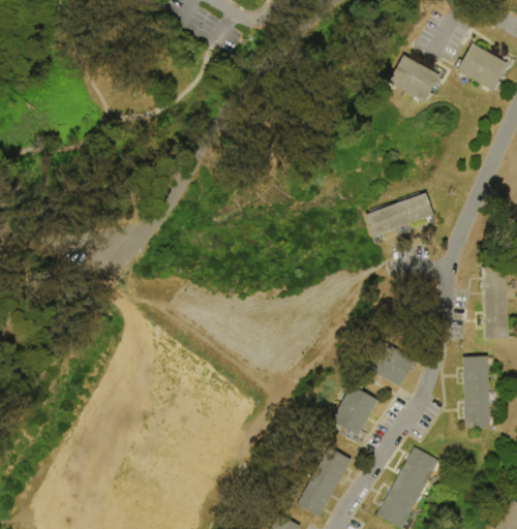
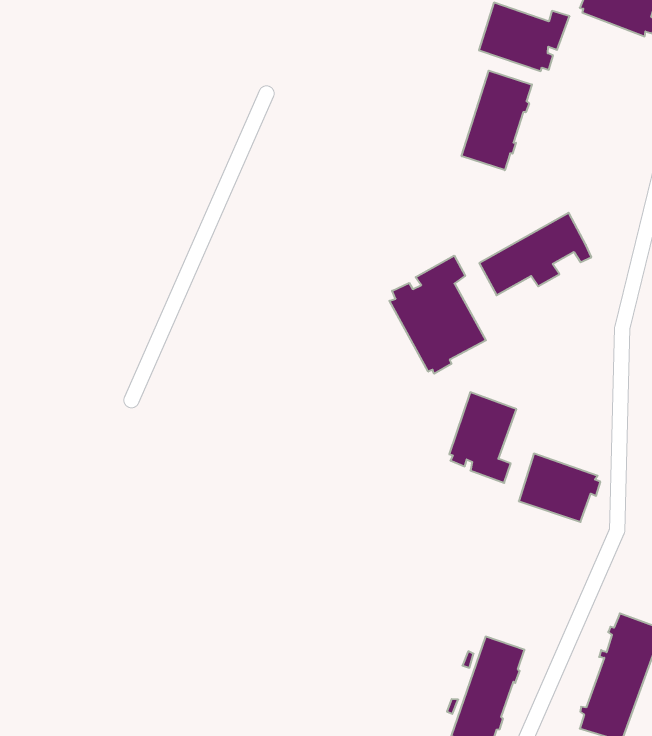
building: none -> [462,71,532,170]
building: none -> [389,256,486,374]
building: [331,385,377,445] -> [449,392,516,483]

